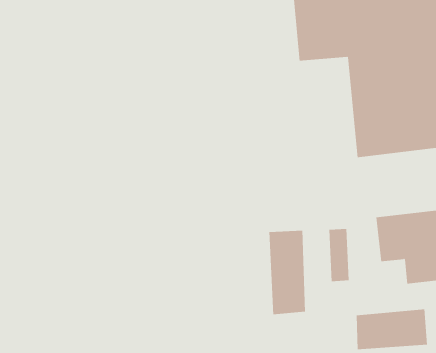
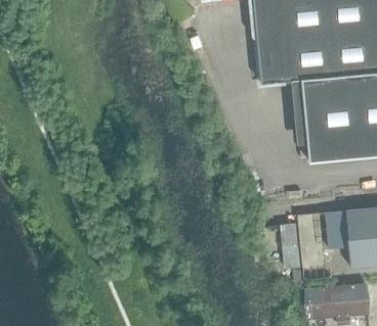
building: [269,230,306,315] -> none

